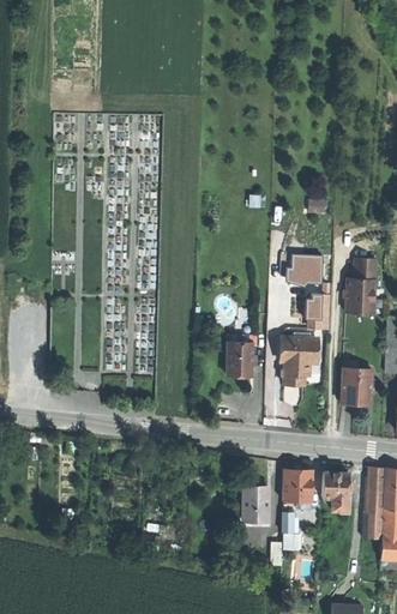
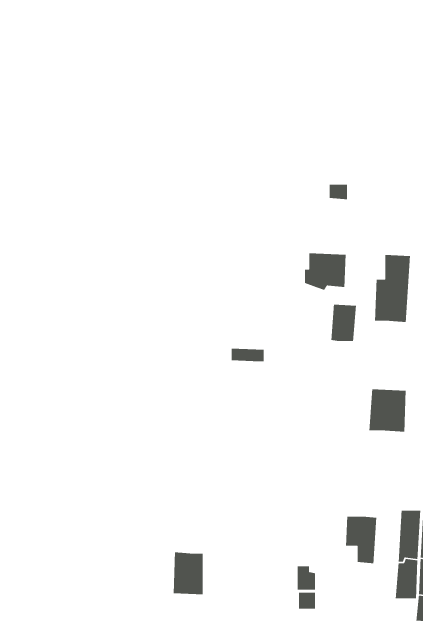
building: [281,336,317,385] -> none
building: [228,345,253,377] -> none
building: [283,470,311,508] -> none
building: [243,484,269,520] -> [173,551,204,595]

